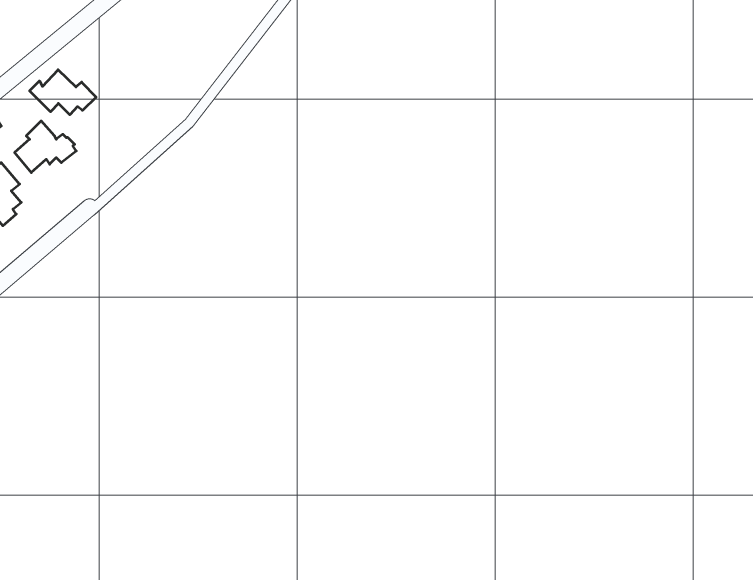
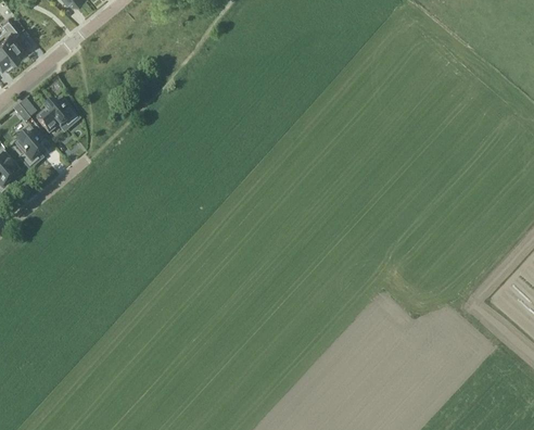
building: [30,70,96,115] -> none

